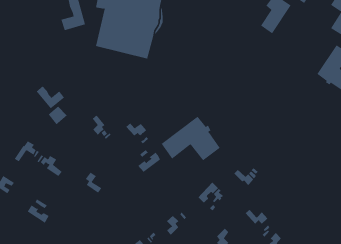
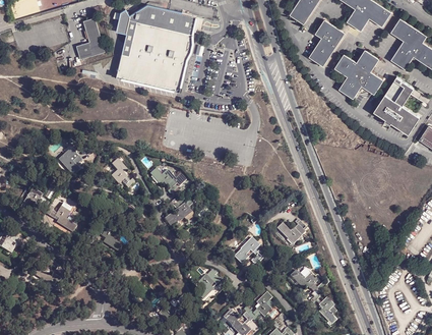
building: none -> [334,47,383,96]
building: [36,86,65,109] -> none
building: [161,116,220,161] -> none

